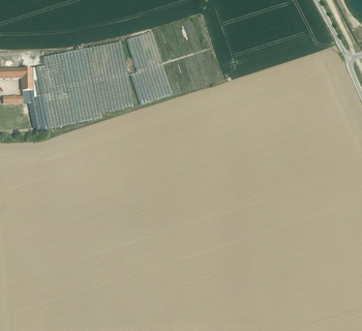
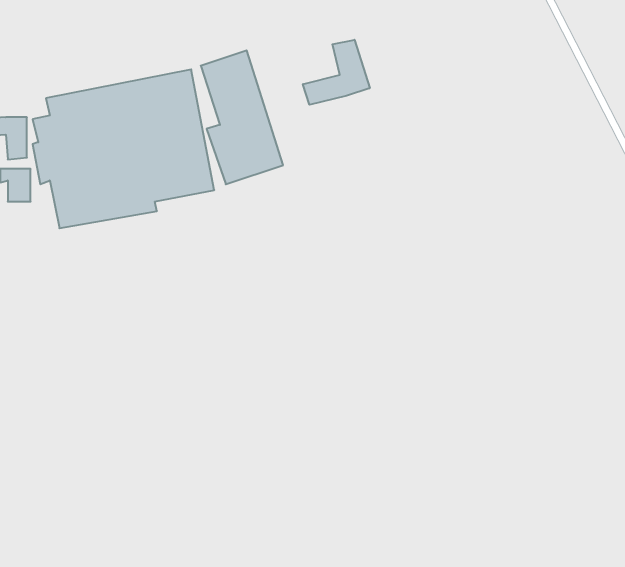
building: none -> [303,40,370,105]

